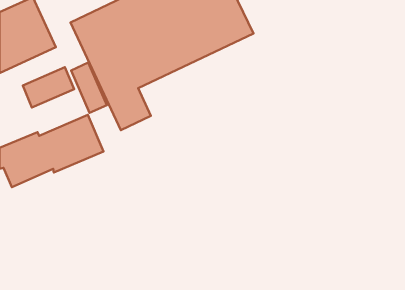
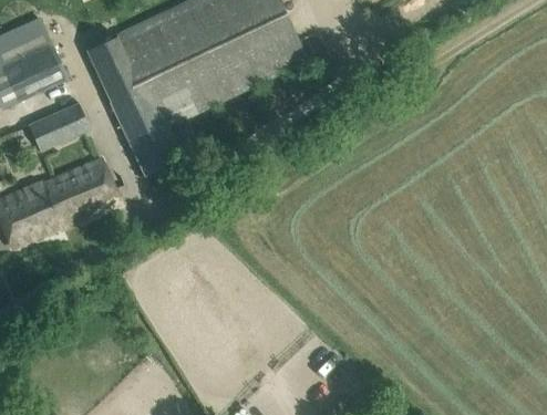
building: [71,63,107,113] -> none

